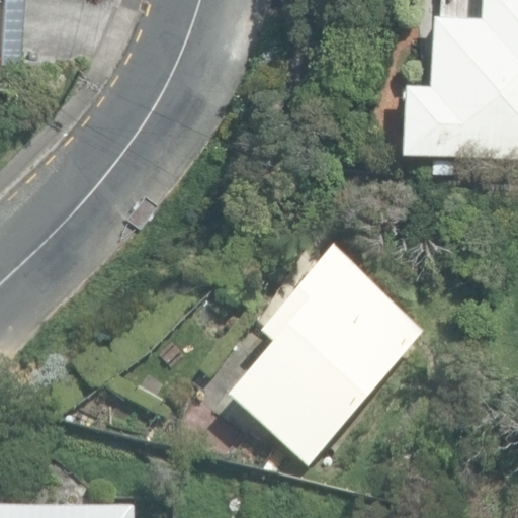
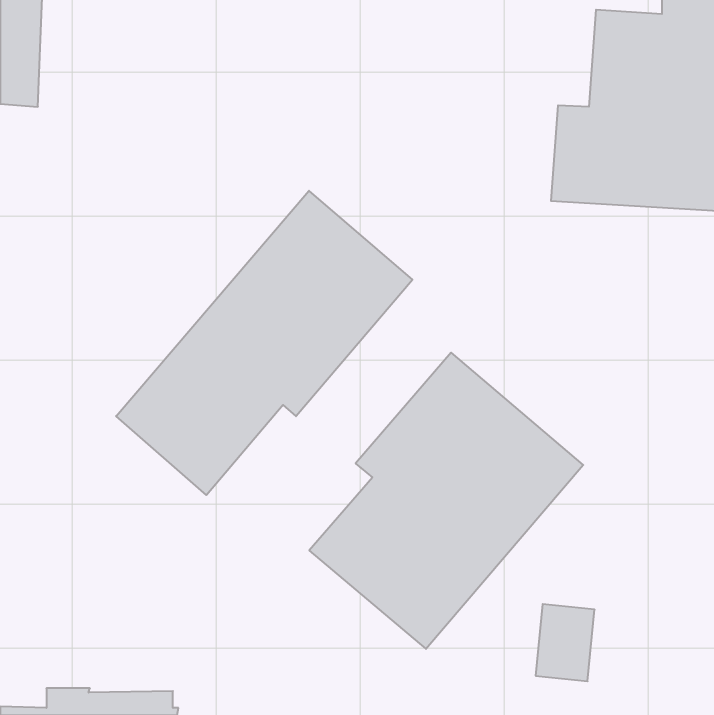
building: none -> [116,191,412,495]

